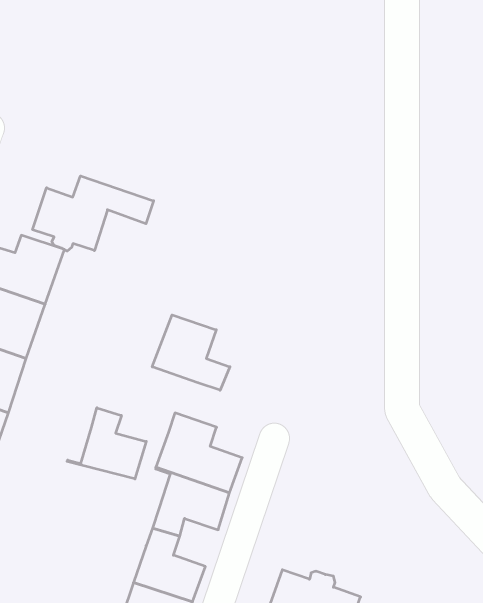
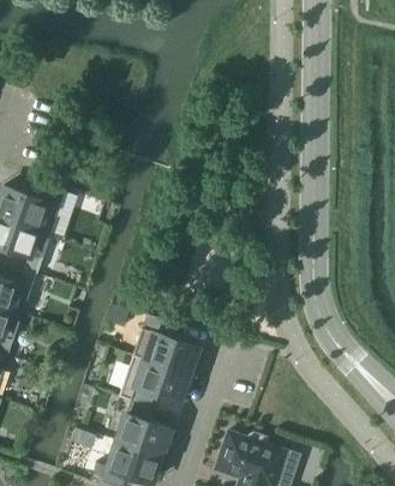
building: [33,176,154,251] -> none
building: [152,315,230,390] -> none
building: [67,408,146,479] -> none

